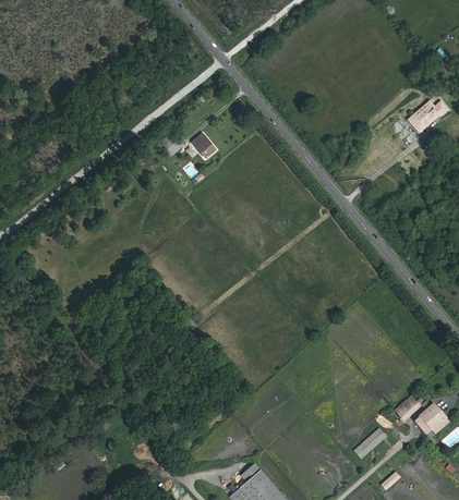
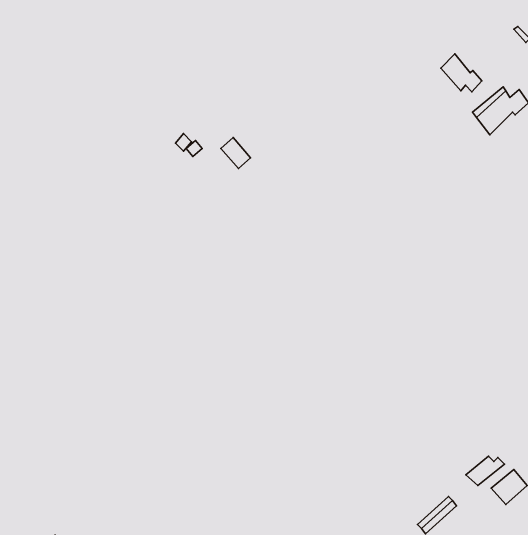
building: none -> [441,54,482,92]

